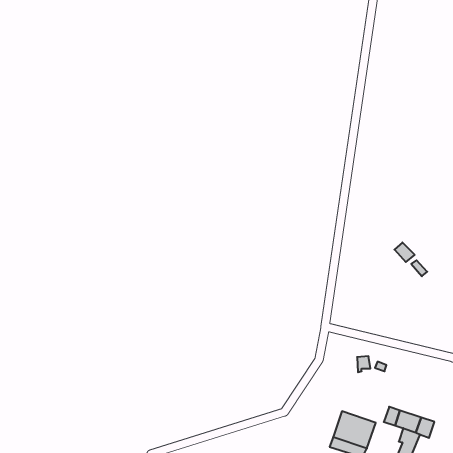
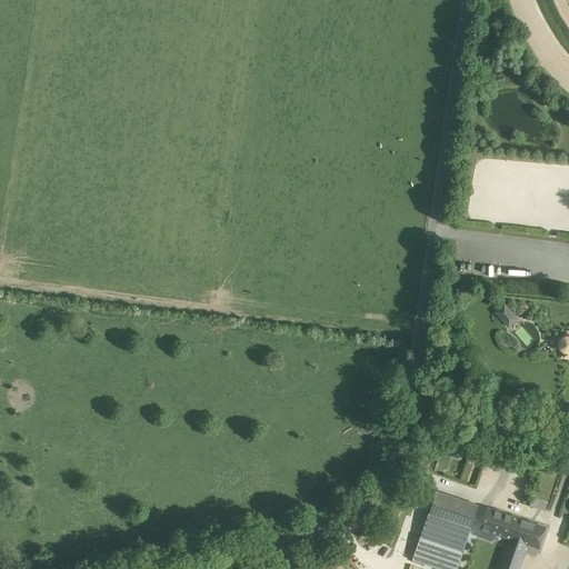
building: none -> [428,492,478,530]

